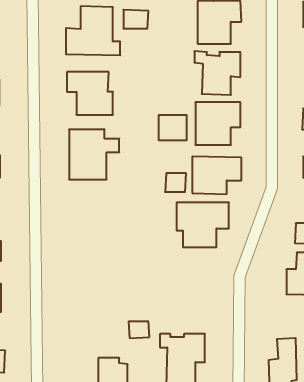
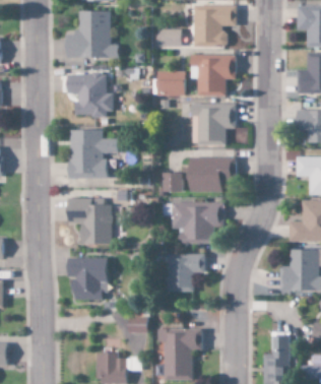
building: [123,10,148,29] -> [158,28,183,47]
building: [159,115,187,140] -> [157,71,185,95]
building: none -> [67,198,112,245]
building: none -> [168,254,205,292]
building: none -> [67,258,107,300]

